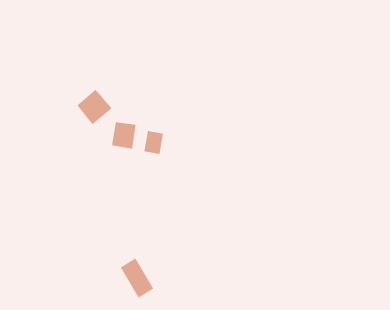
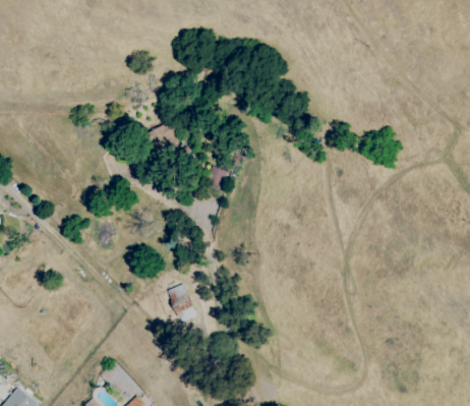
building: [111,121,136,150] -> none

